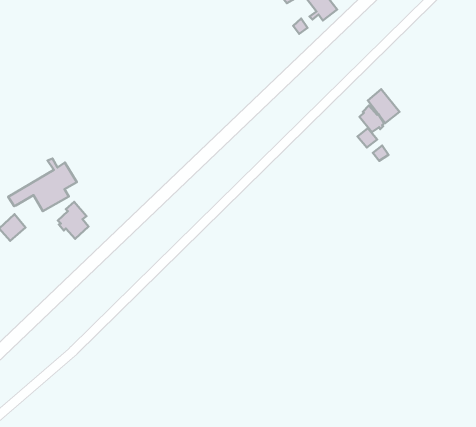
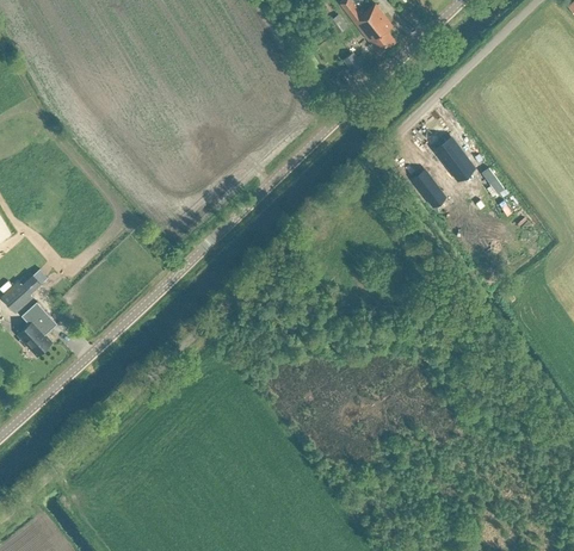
building: [8,159,77,211] -> none
building: [58,202,88,239] -> [20,310,56,353]

